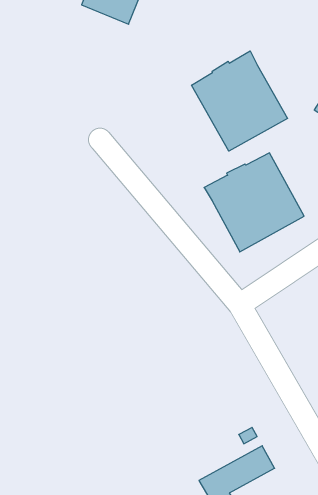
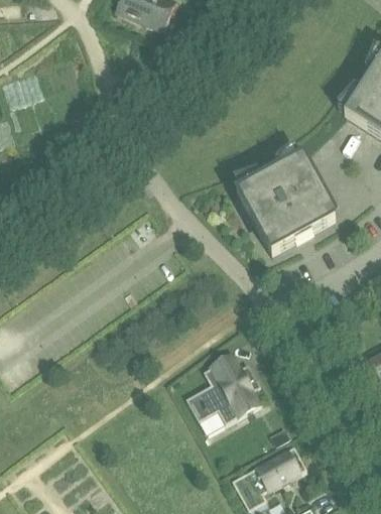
building: [192,51,288,151] -> none
building: none -> [185,353,260,421]

